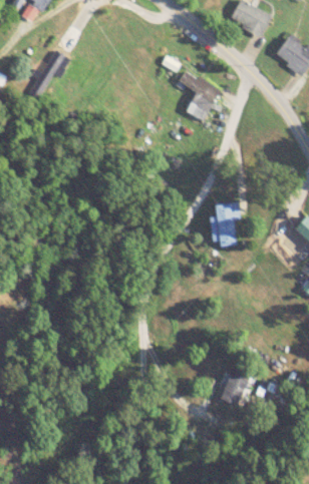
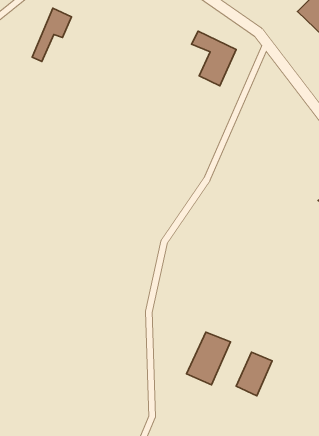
building: [211,202,239,248] -> none
building: none -> [187,332,230,385]

